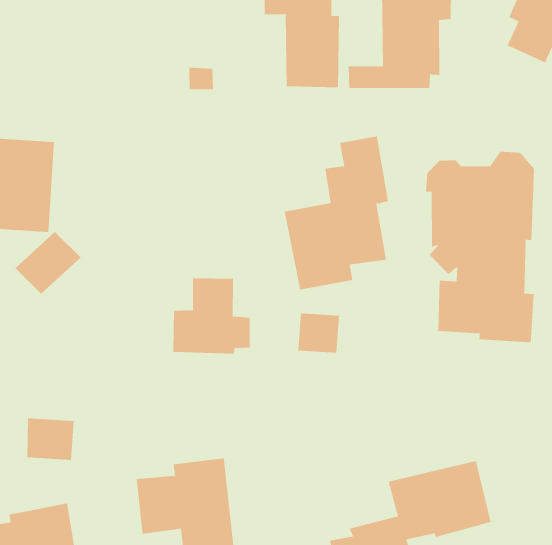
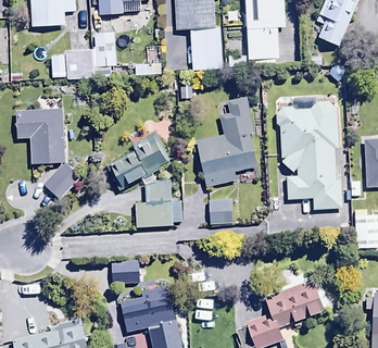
building: none -> [51,34,117,79]
building: none -> [105,136,167,189]
building: [27,418,74,460] -> [112,260,139,283]

